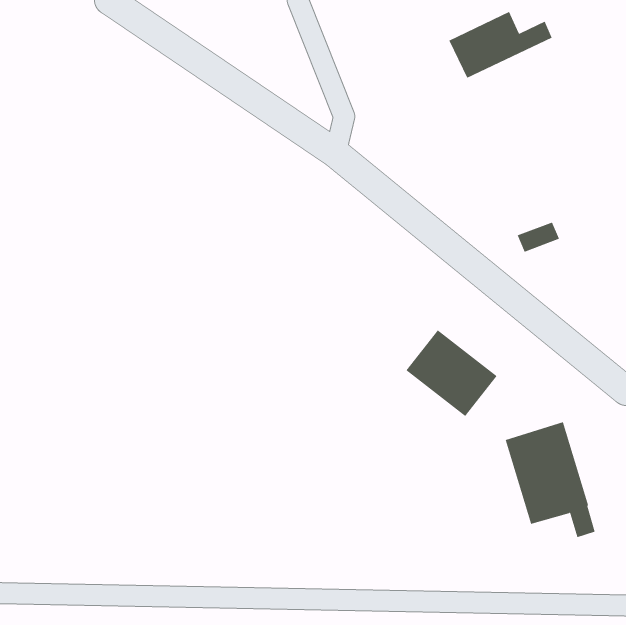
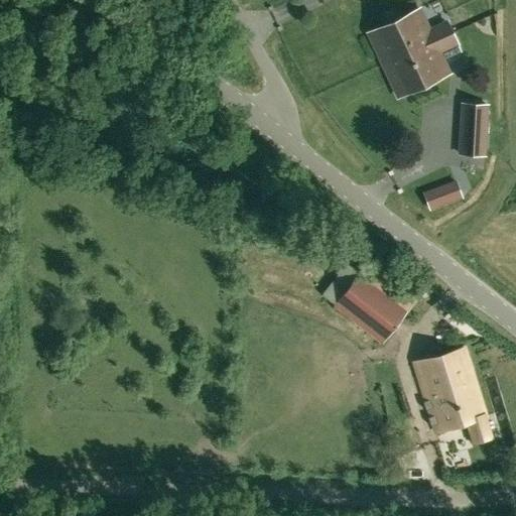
building: none -> [384,32,461,97]
building: none -> [460,104,487,156]

